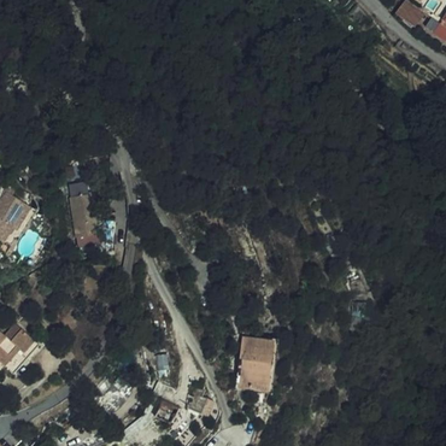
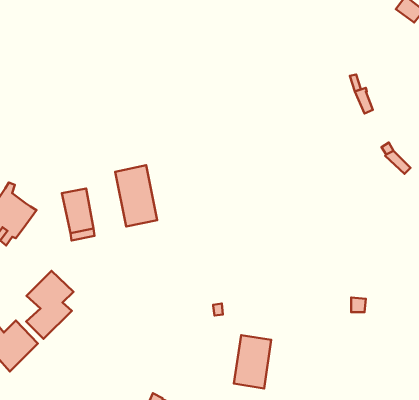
building: none -> [115,165,157,227]
building: none -> [26,271,73,339]

